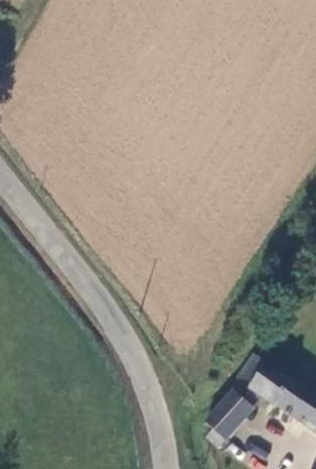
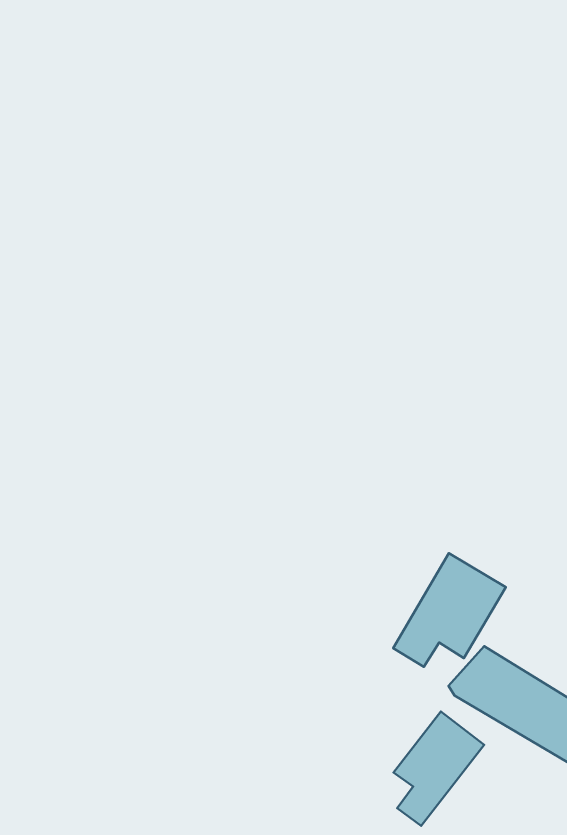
building: none -> [393,553,506,667]

